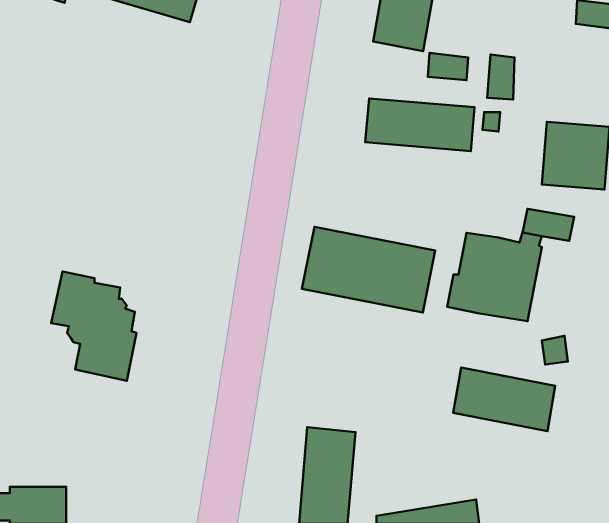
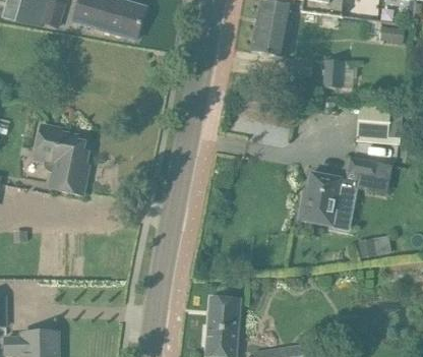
building: [365,98,475,151] -> none
building: [302,227,435,313] -> none
building: [51,272,136,381] -> [35,125,88,194]
building: [453,367,555,431] -> none

